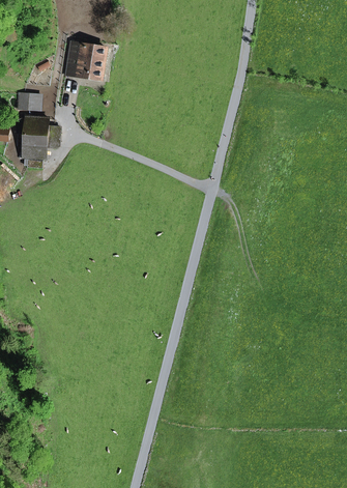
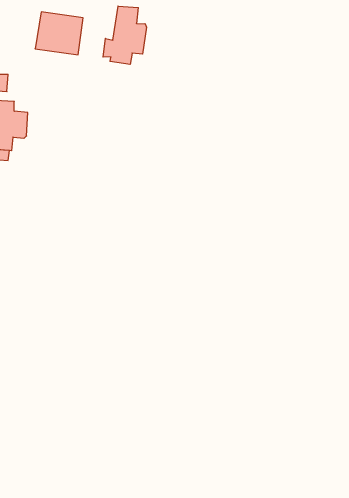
building: none -> [103,6,146,64]

